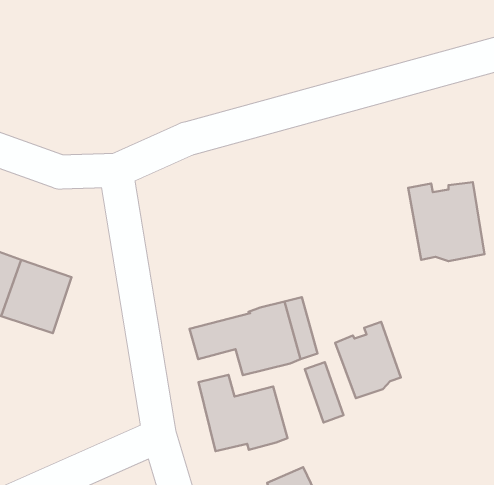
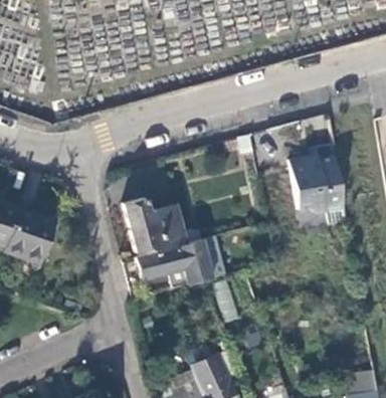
building: [335,322,401,398] -> none
building: [198,375,288,451] -> [124,199,186,252]

